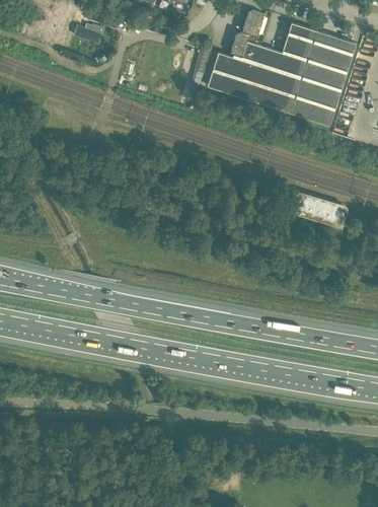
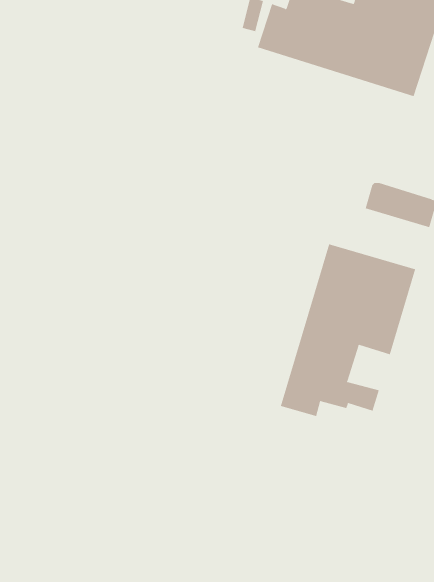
building: none -> [280,244,416,417]

